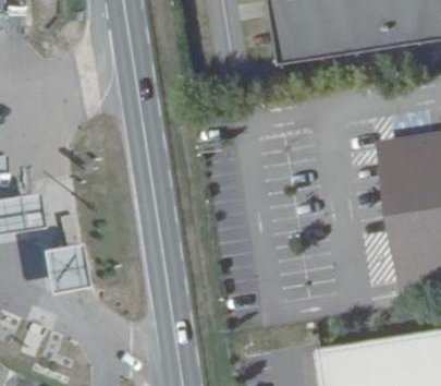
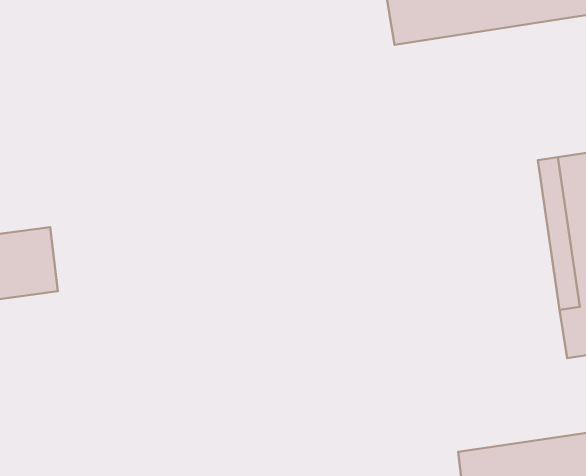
building: [47,242,96,291] -> none

